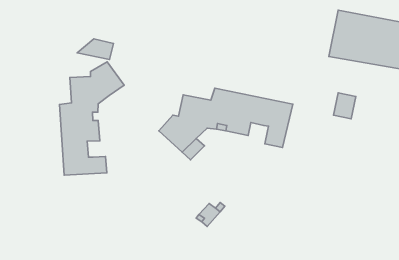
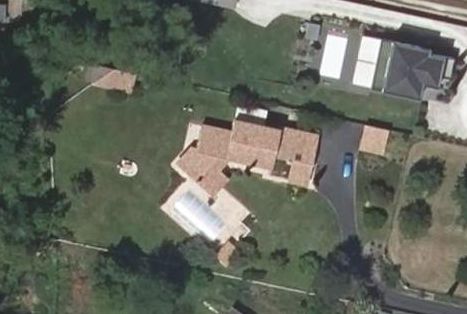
building: [59,62,124,175] -> none

